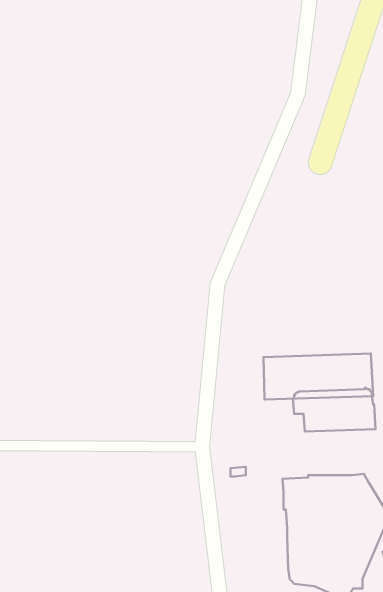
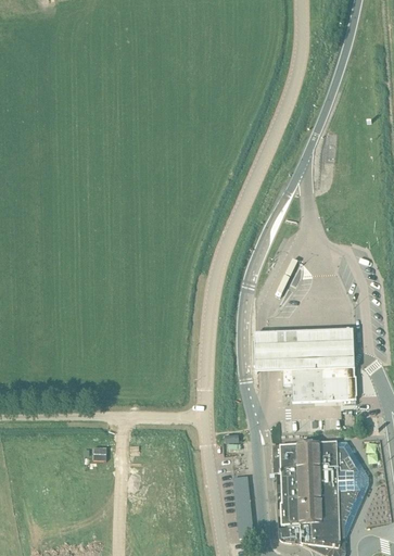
building: none -> [233,475,254,536]

